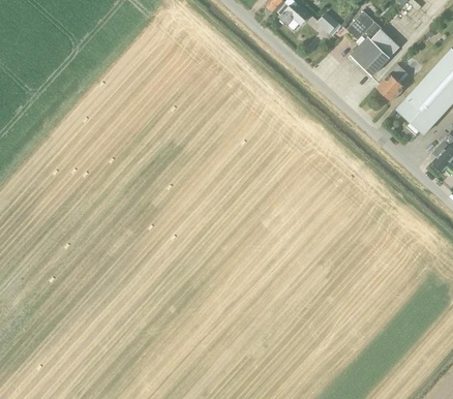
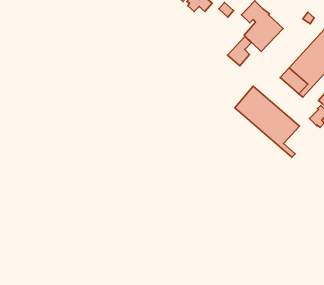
building: [376,65,406,102] -> [228,36,251,66]
building: none -> [235,86,299,157]

